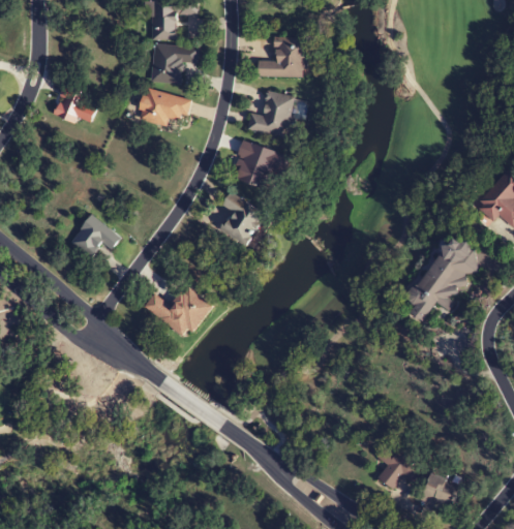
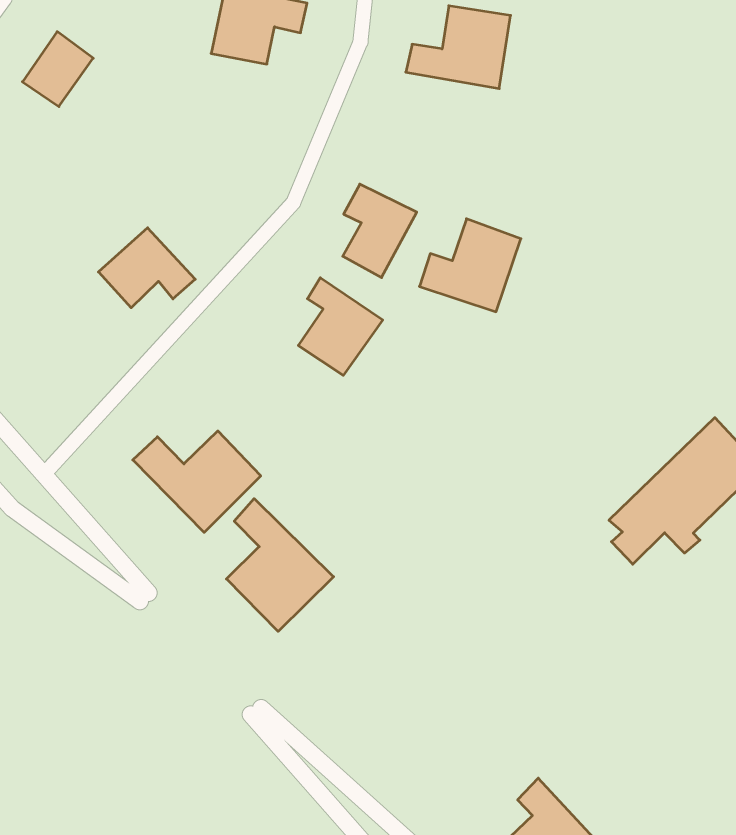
building: [138,88,190,125] -> none
building: [245,90,296,137] -> [419,219,521,312]
building: [68,214,121,258] -> [98,228,195,308]
building: none -> [226,499,334,631]

